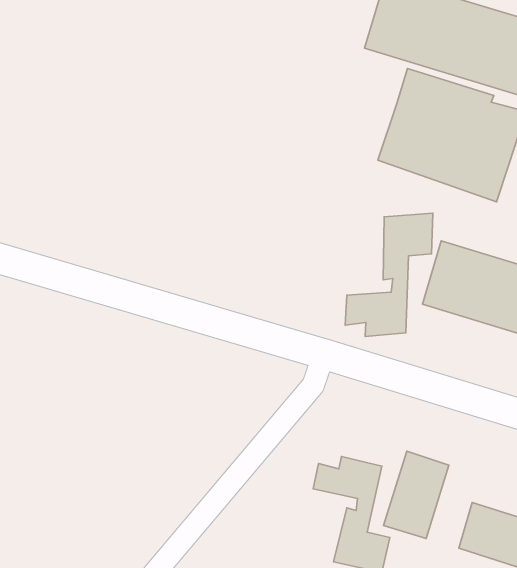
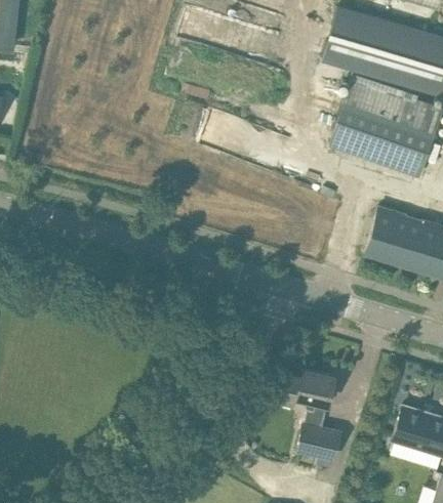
building: [345,213,433,337] -> none
building: [383,451,449,539] -> none

